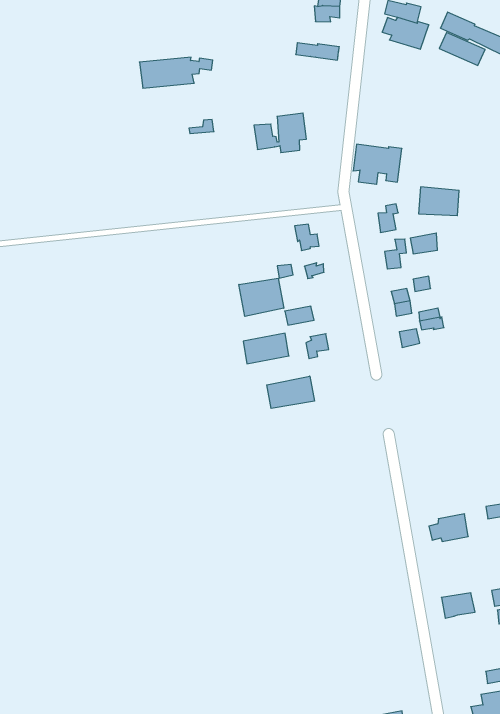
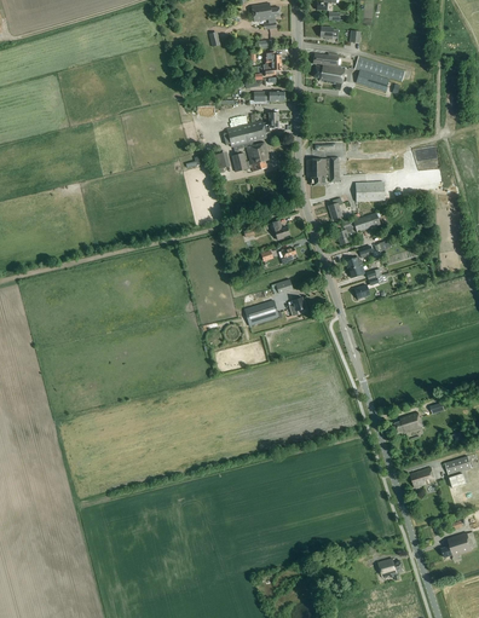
building: [139,57,213,88] -> [226,120,278,146]
building: [239,278,284,316] -> none
building: [267,376,314,408] -> none

